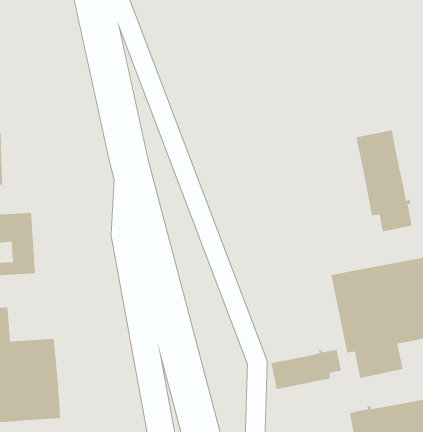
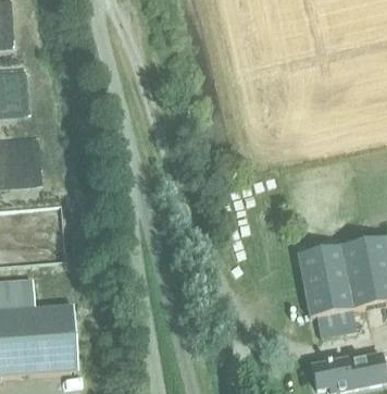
building: [356,129,412,232] -> none
building: [271,349,341,390] -> none

